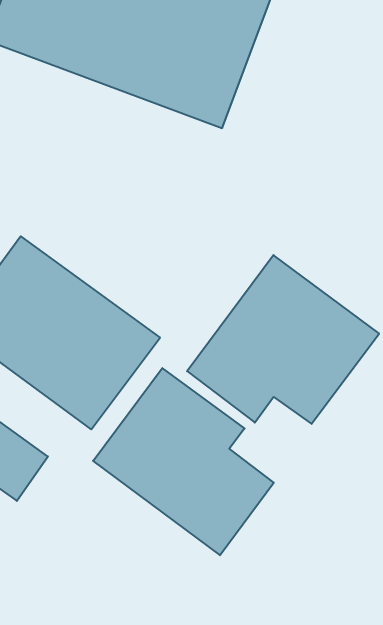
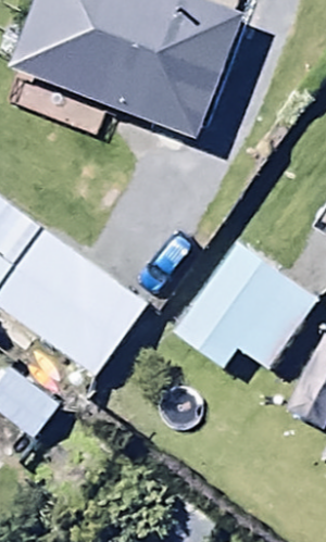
building: [93,368,274,555] -> none

